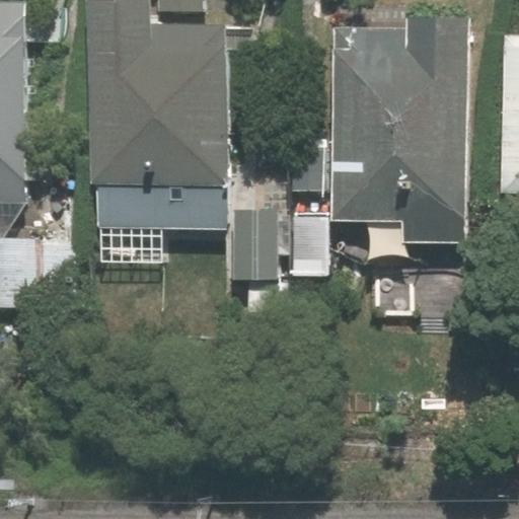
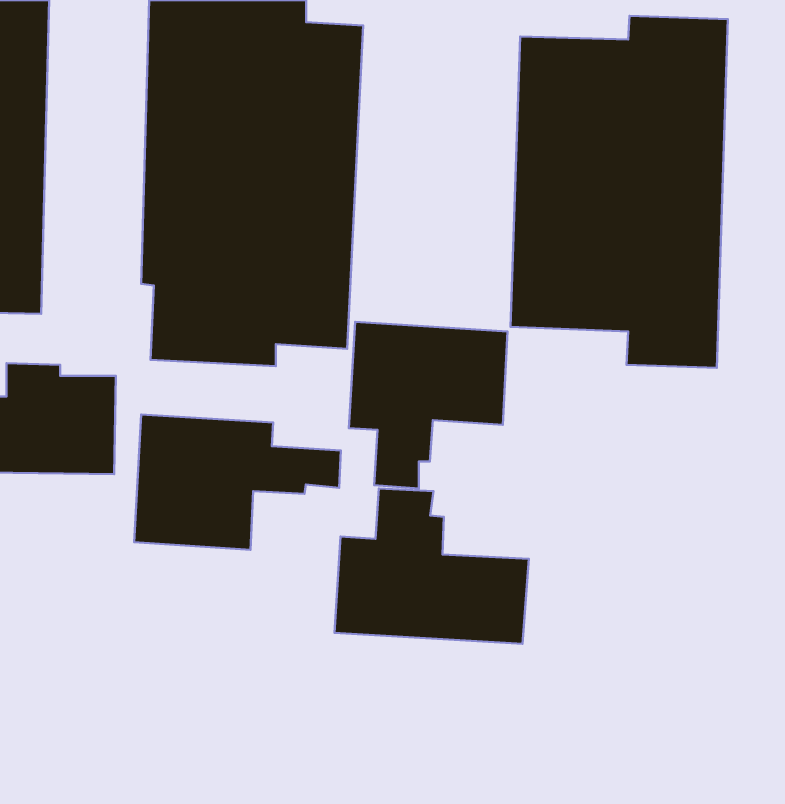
building: none -> [134,414,341,550]
building: none -> [335,488,529,644]

